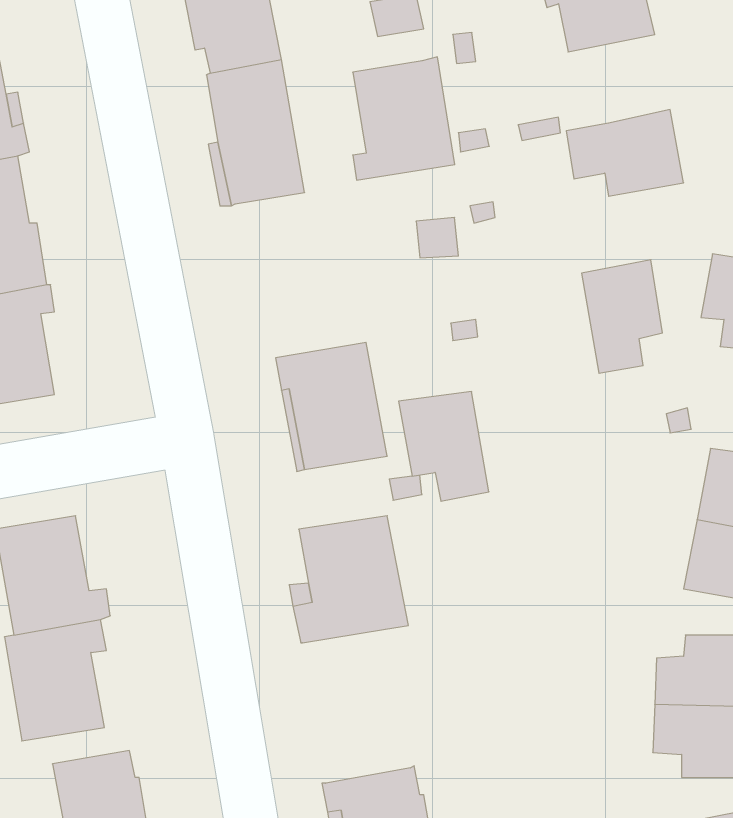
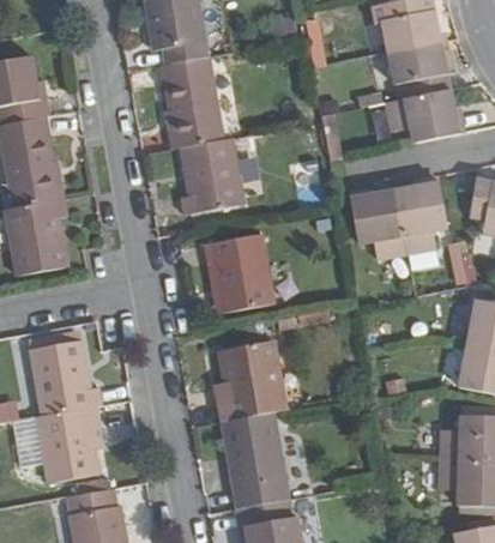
building: none -> [387,42,451,97]
building: [353,57,455,180] -> [180,138,243,215]
building: [399,392,489,501] -> [350,191,406,259]
building: none -> [222,412,289,508]

